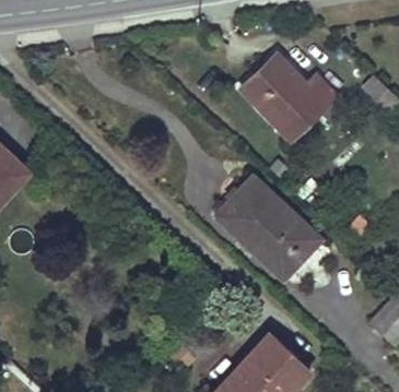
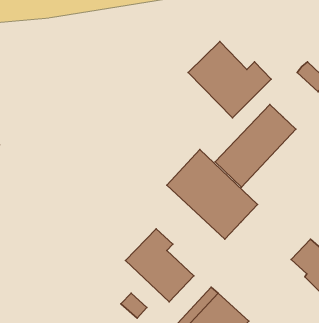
building: none -> [215,105,296,187]
building: none -> [126,229,194,302]

